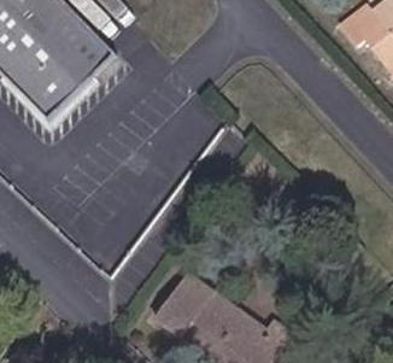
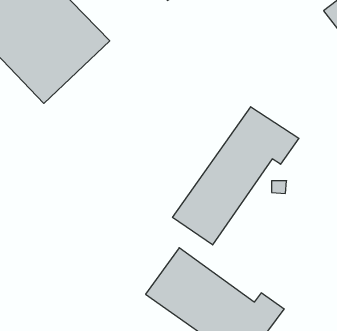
building: none -> [173,107,299,245]

